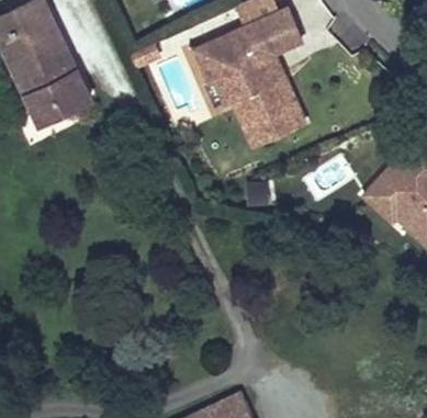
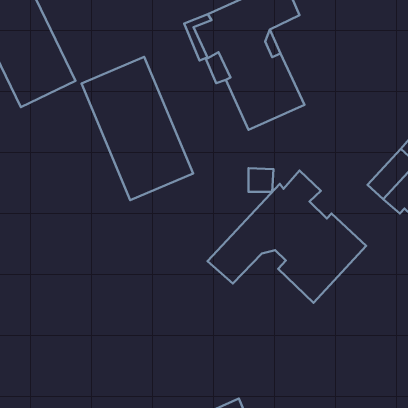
building: none -> [81,57,193,200]
building: none -> [208,170,366,303]

